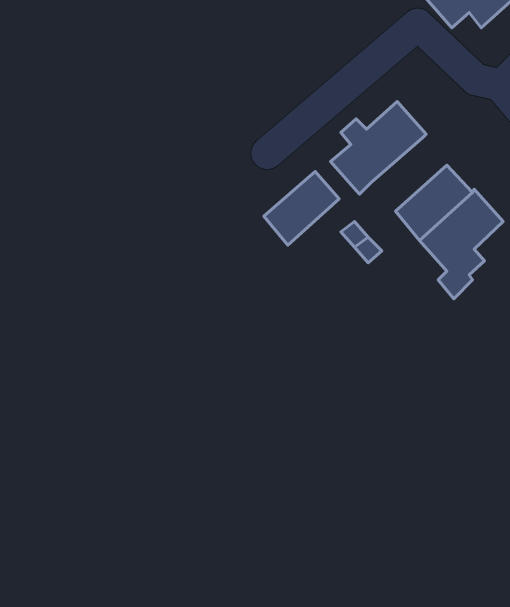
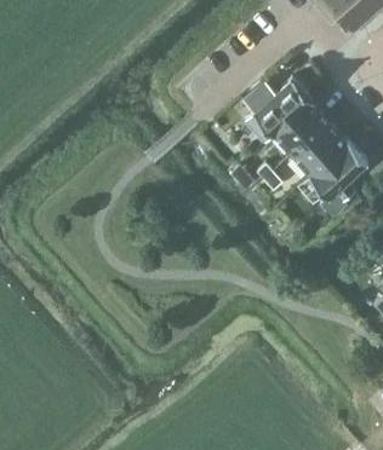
building: [264,171,339,245] -> [276,105,330,157]

